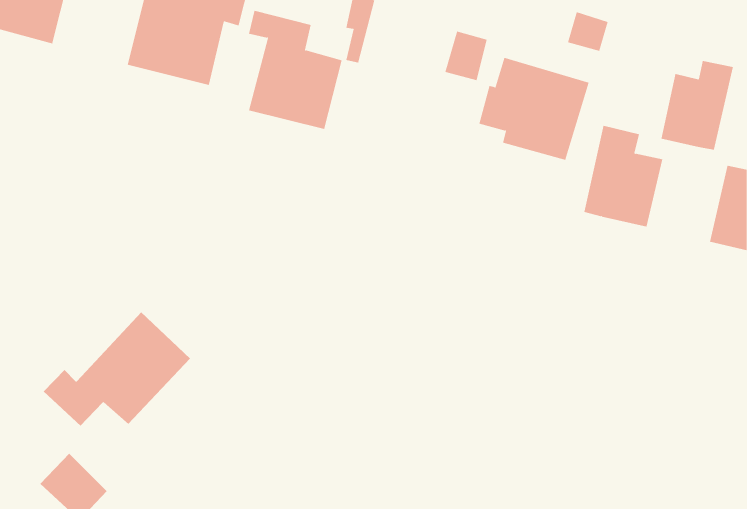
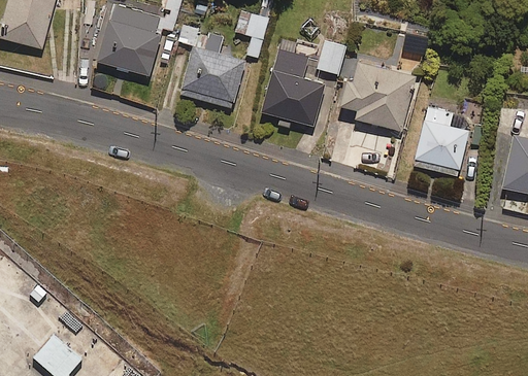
building: none -> [260,48,324,129]
building: [661,60,734,151] -> none
building: [43,312,191,426] -> none

